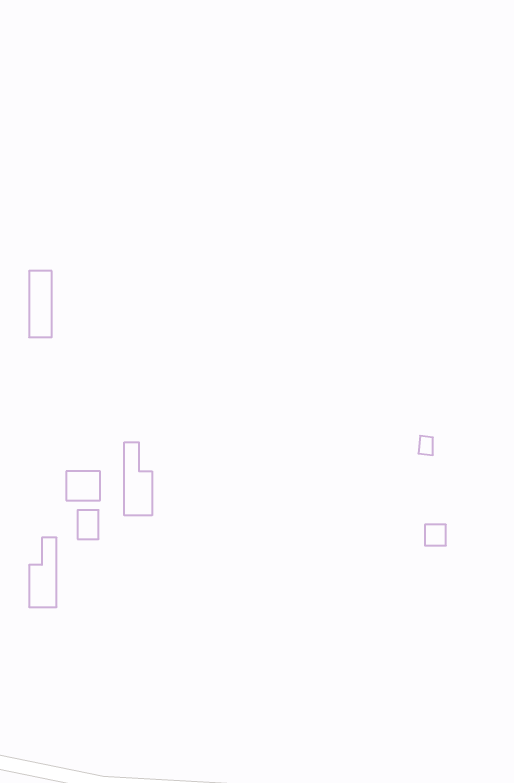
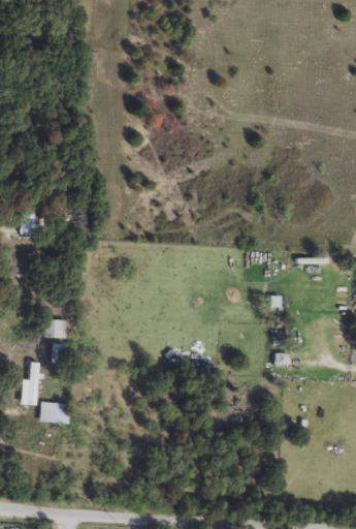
building: [124,442,152,515] -> none
building: none -> [39,401,70,425]

